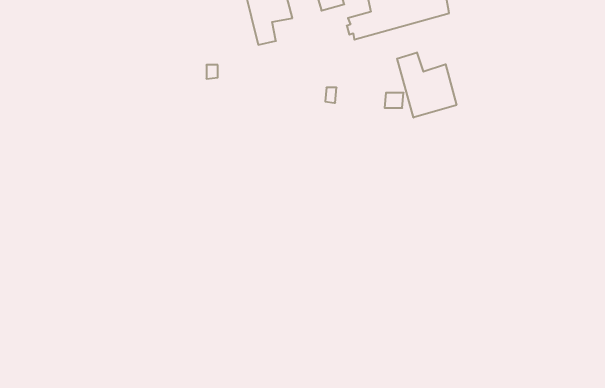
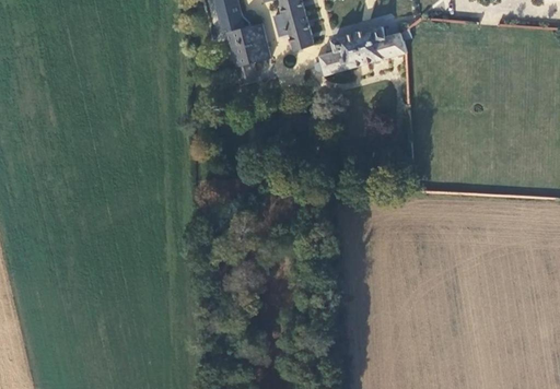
building: [397,52,456,118] -> none

